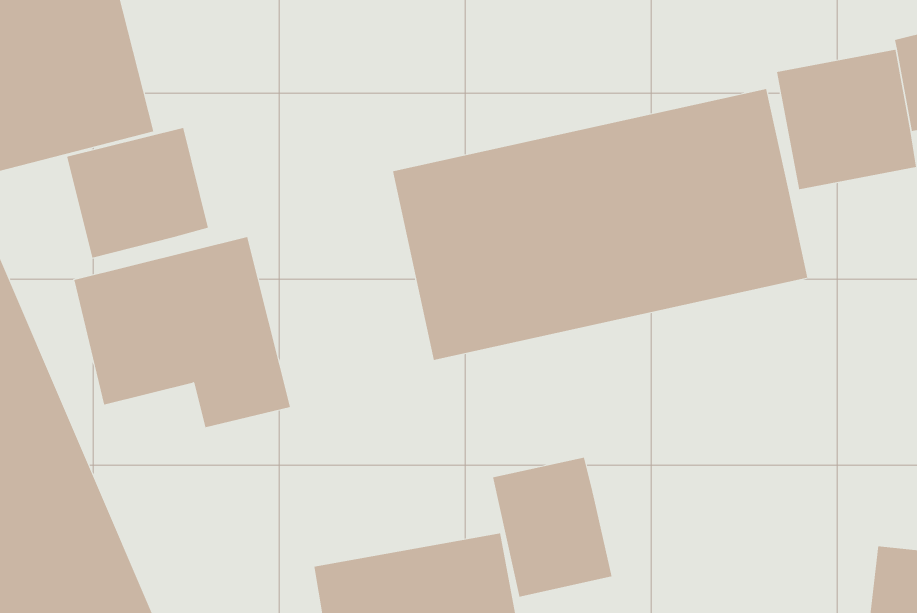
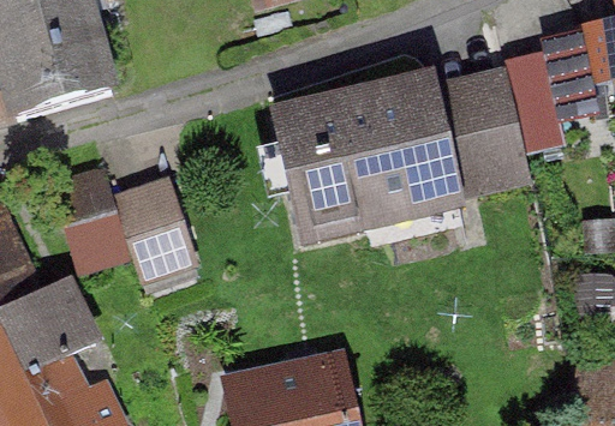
building: [66,127,208,259] -> none
building: [493,457,612,598] -> none

